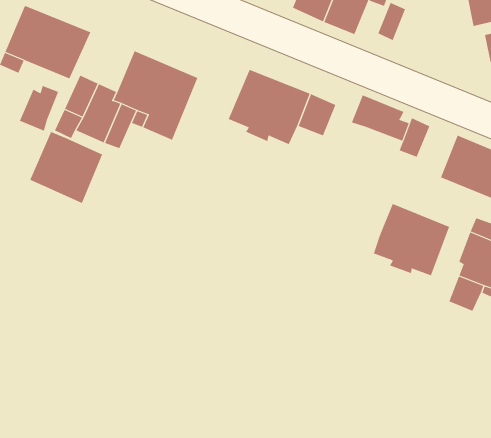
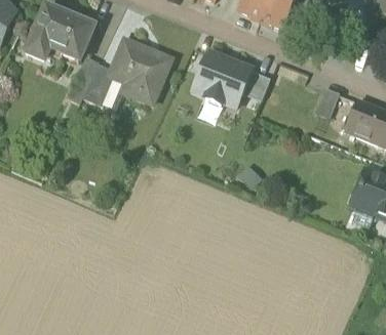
building: [19,85,59,131] -> none
building: [351,95,409,141] -> none
building: [30,131,103,204] -> none
building: [373,203,450,276] -> none

